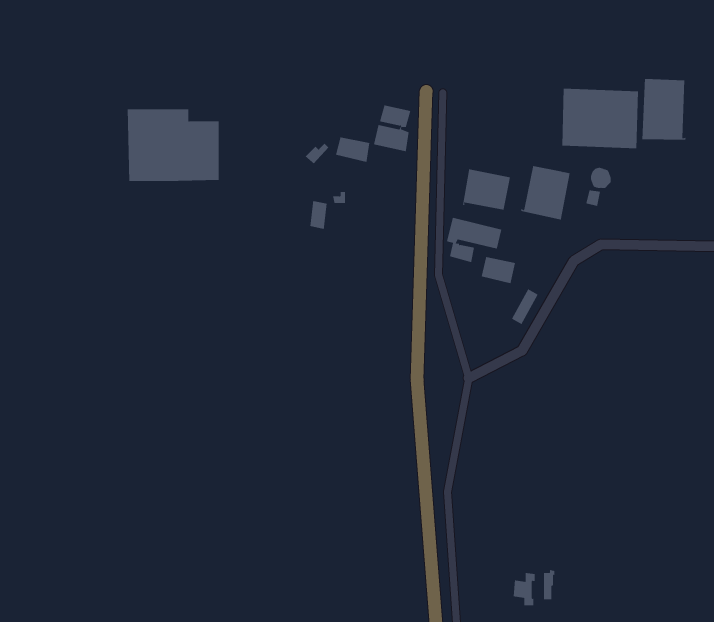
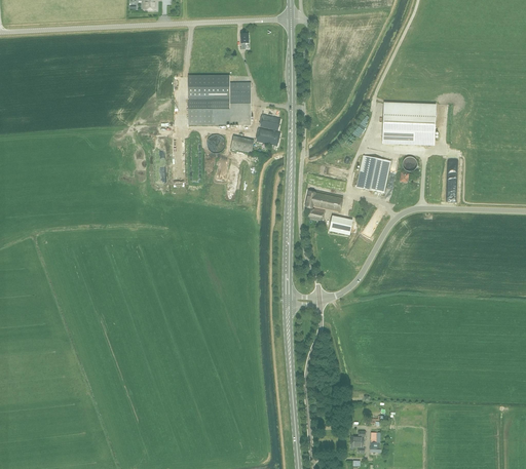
building: [642,78,686,141] -> none
building: [127,109,220,182] -> [188,75,251,124]
building: [462,168,511,211] -> none

